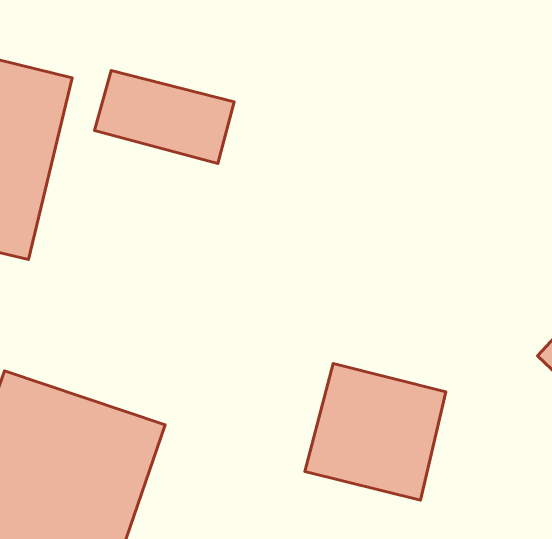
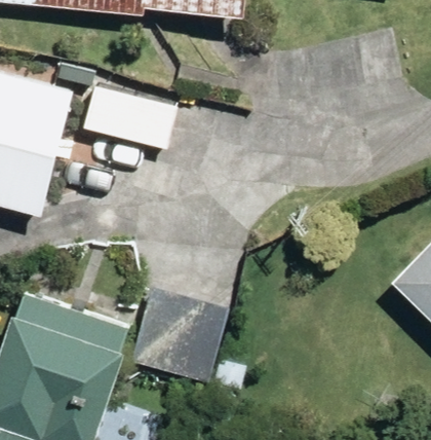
building: [305,363,446,500] -> [133,289,230,382]

